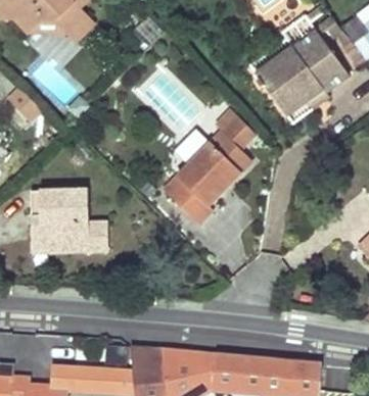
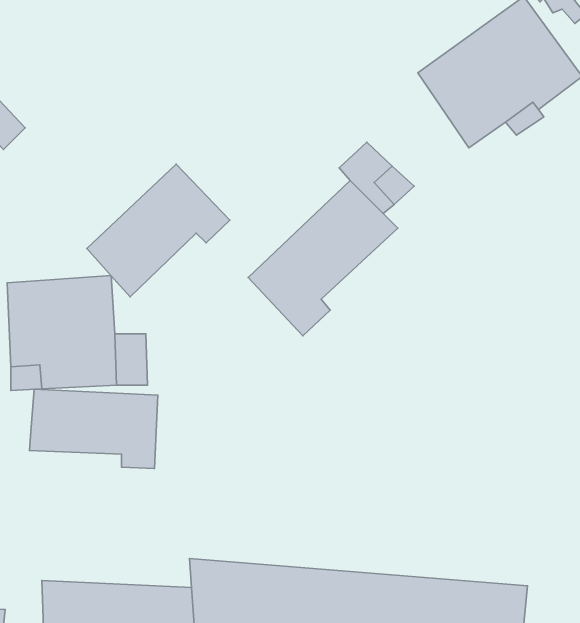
building: none -> [87,164,230,297]
building: none -> [29,389,158,468]

